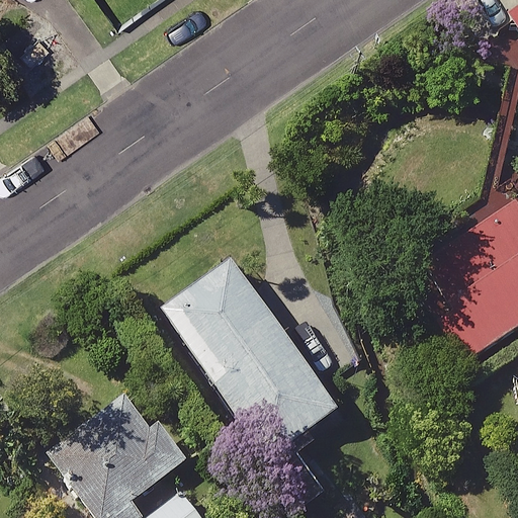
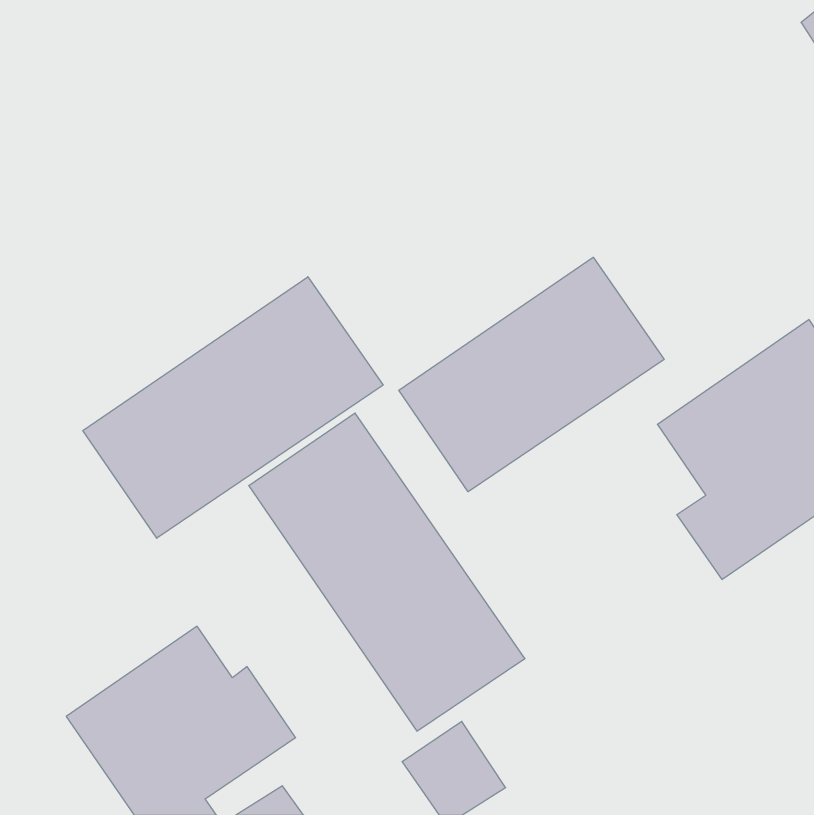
building: none -> [399,257,664,492]
building: none -> [83,277,383,538]

